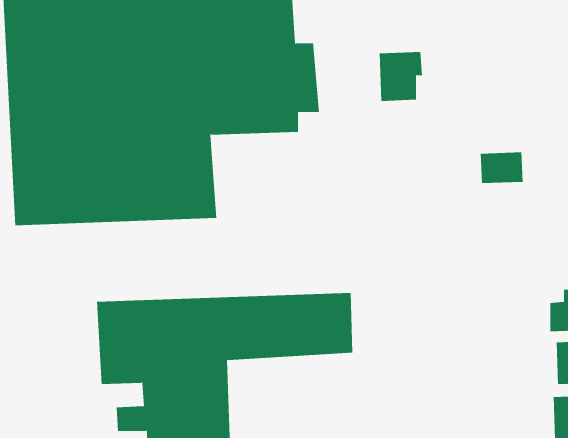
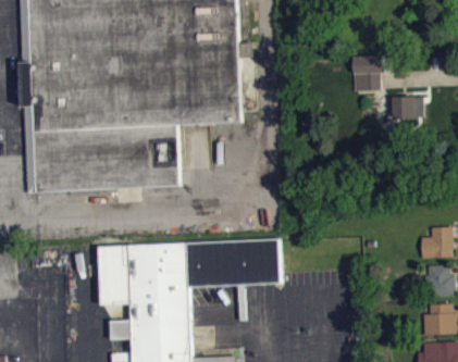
building: [379,52,423,101] -> [351,63,383,99]
building: [480,152,524,184] -> [392,103,423,126]

